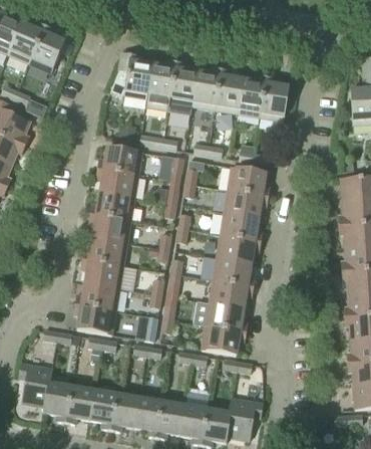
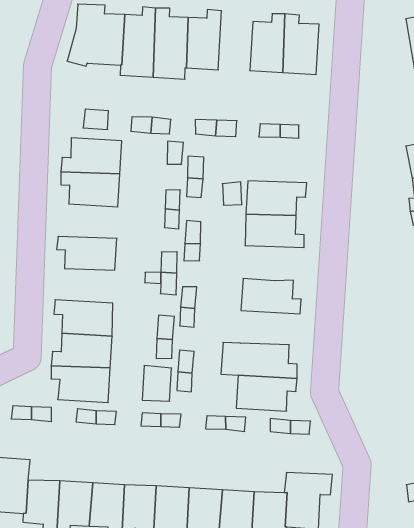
building: [215,69,243,114] -> none
building: [227,167,270,197] -> none
building: [89,193,133,221] -> none
building: [216,236,261,264] -> none
building: [82,238,126,266] -> none
building: [209,281,253,309] -> none

